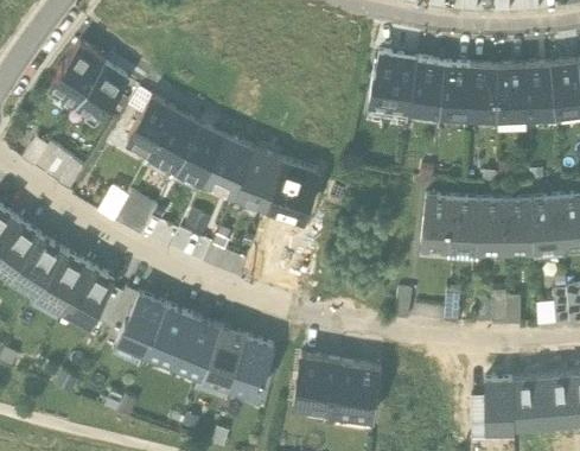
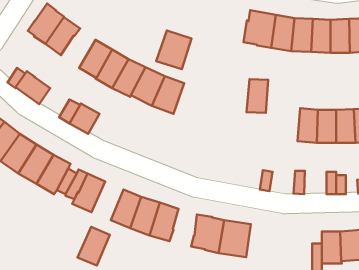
building: [267,161,319,218] -> [156,31,192,69]
building: [421,197,453,247] -> [246,79,268,113]
building: [146,306,193,363] -> [77,227,110,266]

